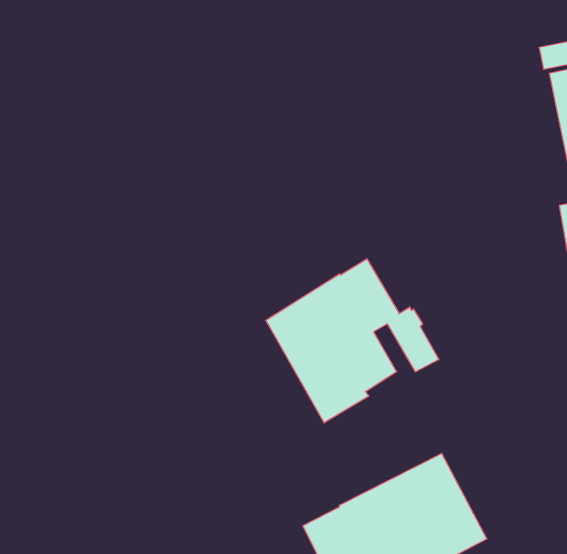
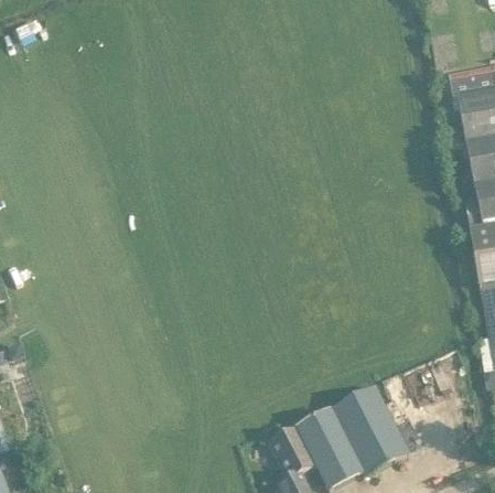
building: [266,259,439,423] -> none

